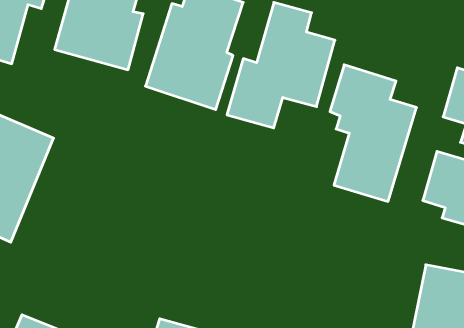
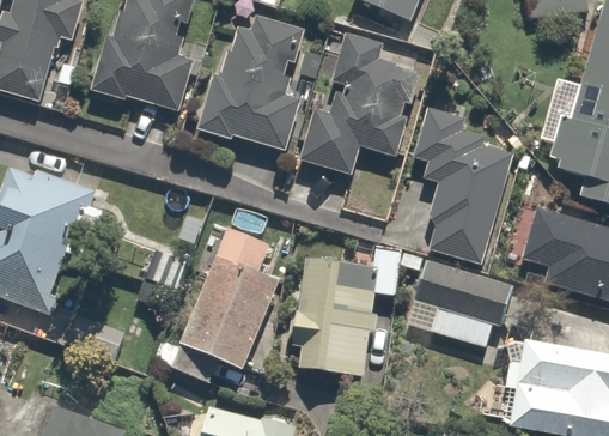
building: none -> [176,225,291,374]
building: none -> [290,242,402,375]
building: none -> [406,255,525,355]

